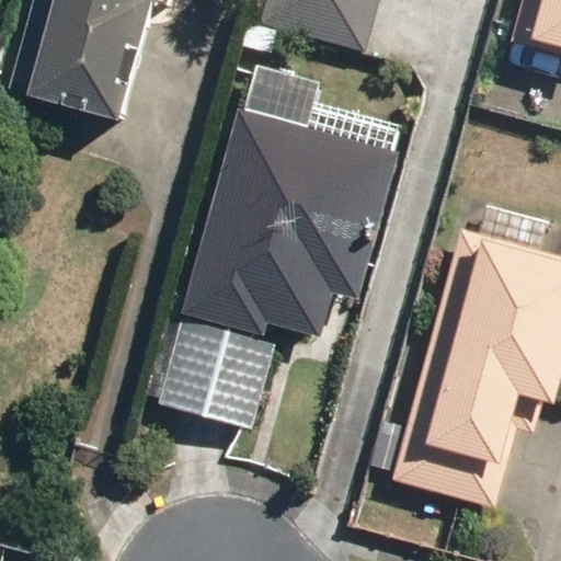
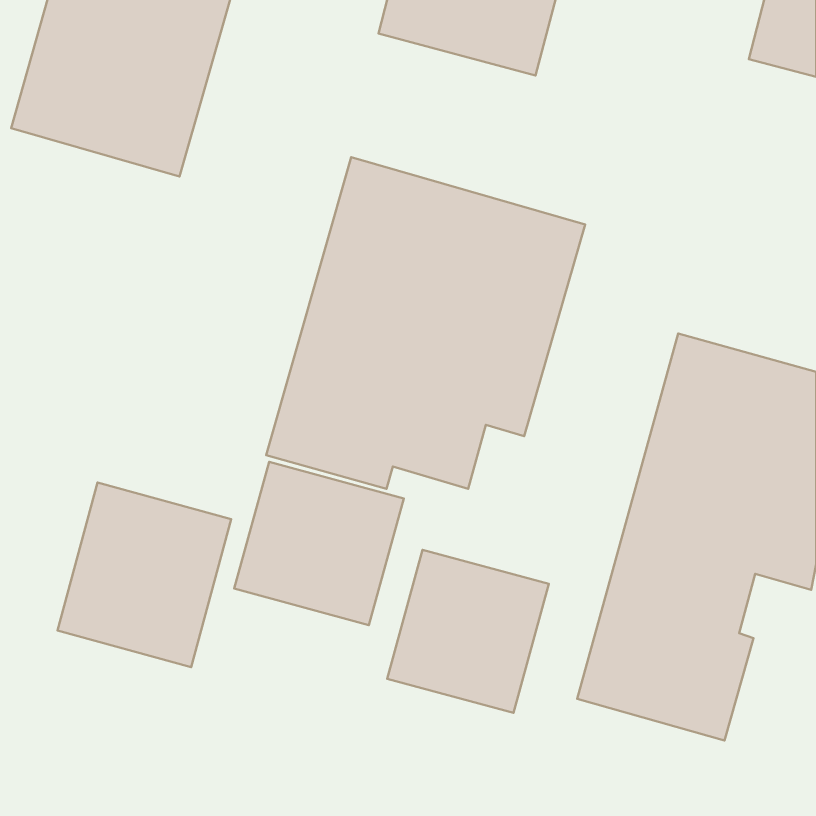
building: none -> [57,483,231,667]
building: none -> [387,550,549,713]

